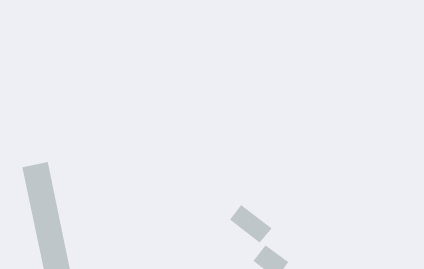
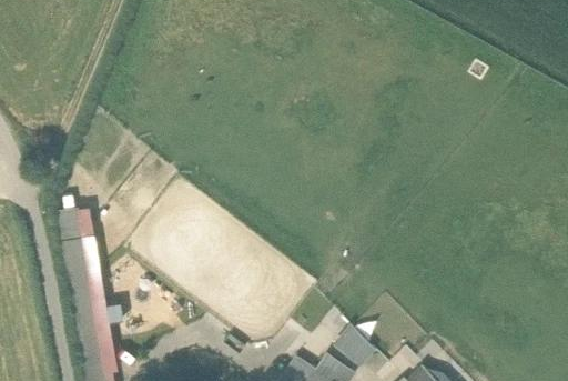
building: [229,204,272,244] -> none

